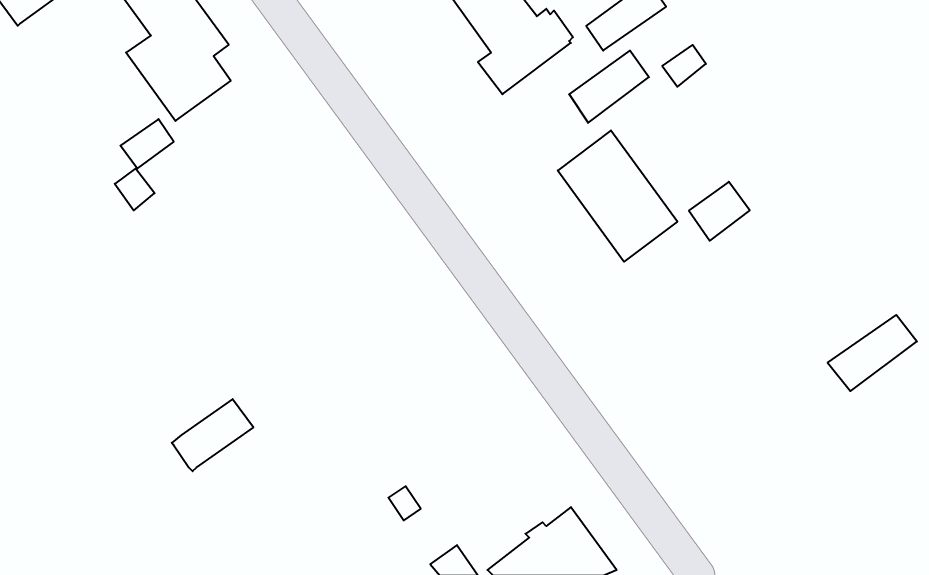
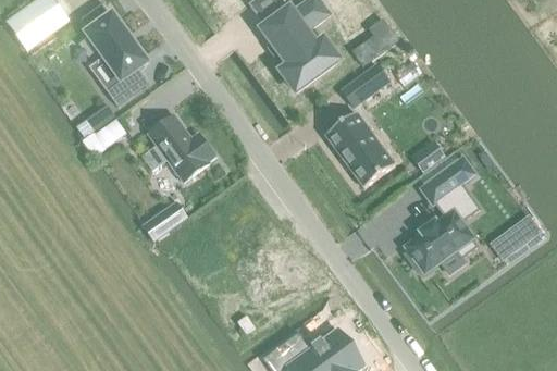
building: none -> [140,116,213,182]
building: none -> [403,157,478,273]
building: [172,399,253,471] -> [140,200,187,242]

